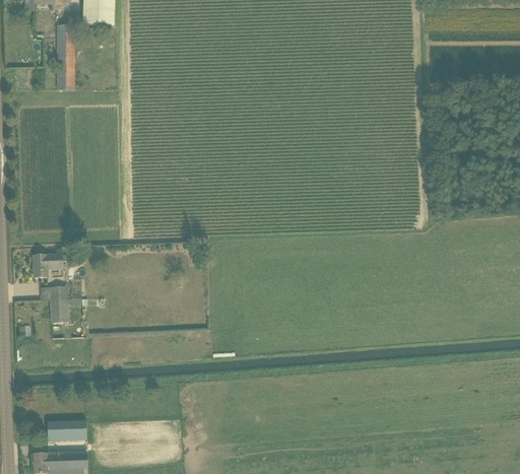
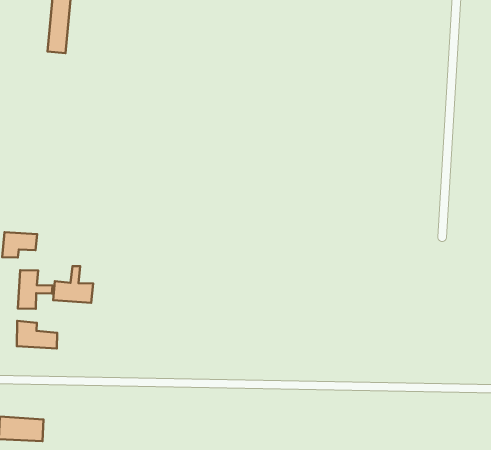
building: none -> [53,266,93,303]
building: none -> [17,321,57,349]

